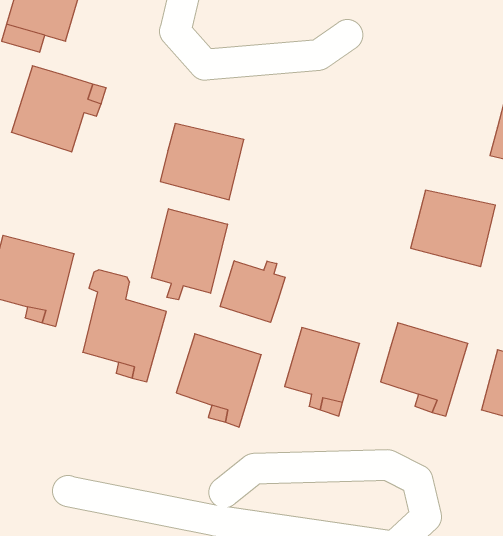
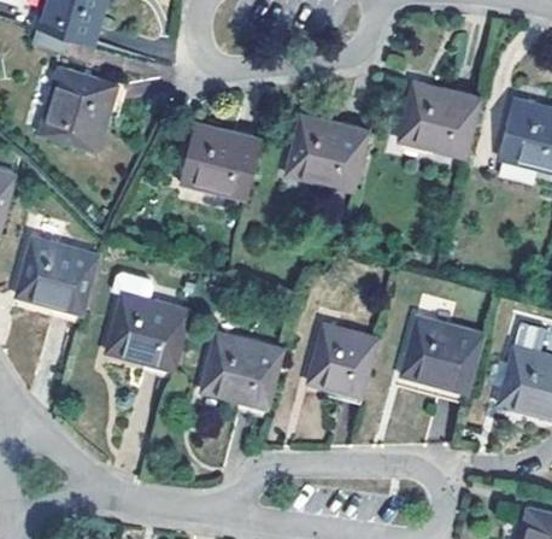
building: none -> [287,116,371,193]
building: [411,190,495,267] -> [404,81,487,156]
building: [152,209,227,300] -> none
building: [220,261,285,322] -> none

